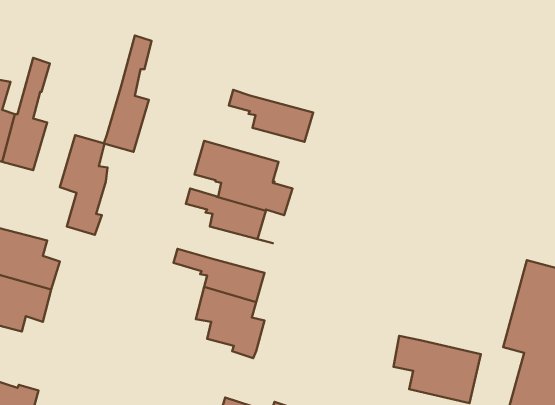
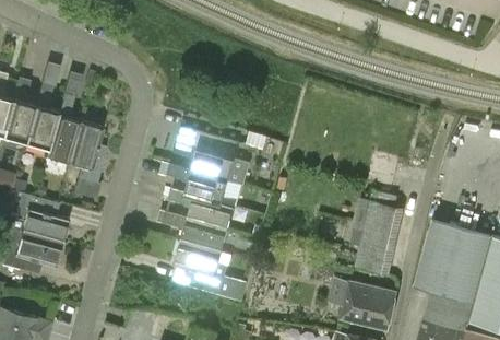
building: [104,35,152,152] -> [46,70,83,161]
building: [229,90,313,142] -> [169,187,235,227]
building: none -> [355,200,405,274]

